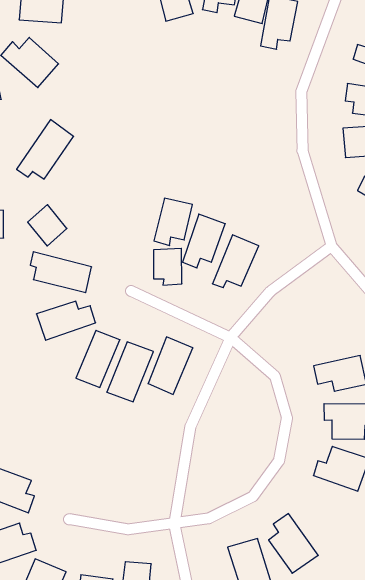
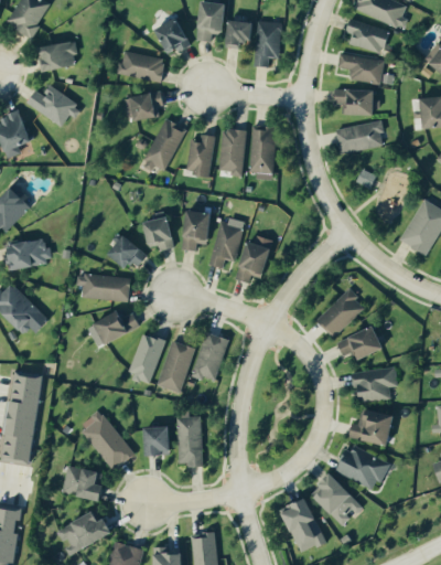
building: none -> [117,50,165,82]
building: none -> [123,89,164,121]
building: none -> [219,128,245,175]
building: none -> [250,125,276,172]
building: none -> [185,134,215,175]
building: [17,120,74,179] -> [140,117,186,170]
building: [28,205,67,246] -> [109,234,144,270]
building: [154,248,182,285] -> [146,216,174,250]
building: none -> [315,289,364,337]
building: none -> [80,412,133,470]
building: none -> [178,416,203,465]
building: none -> [147,426,172,456]
building: none -> [335,443,388,490]

